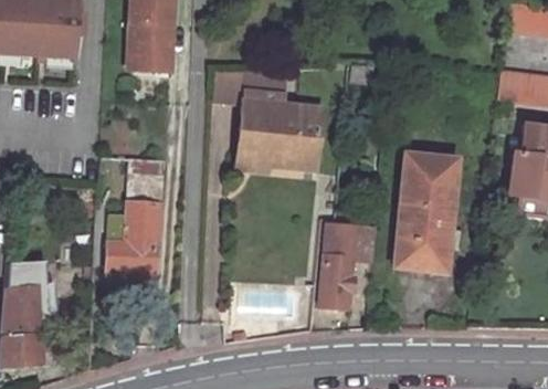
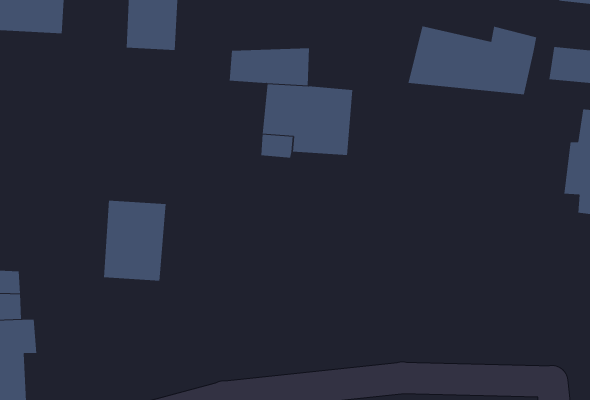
building: none -> [408,25,537,95]
building: [396,155,460,274] -> none
building: [318,230,379,309] -> none

